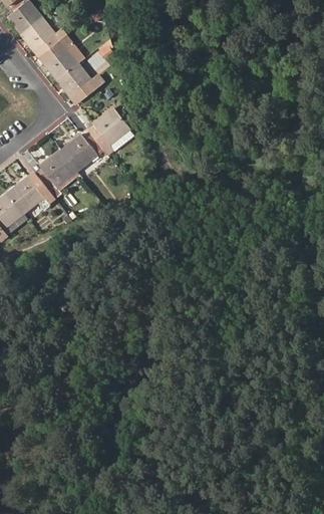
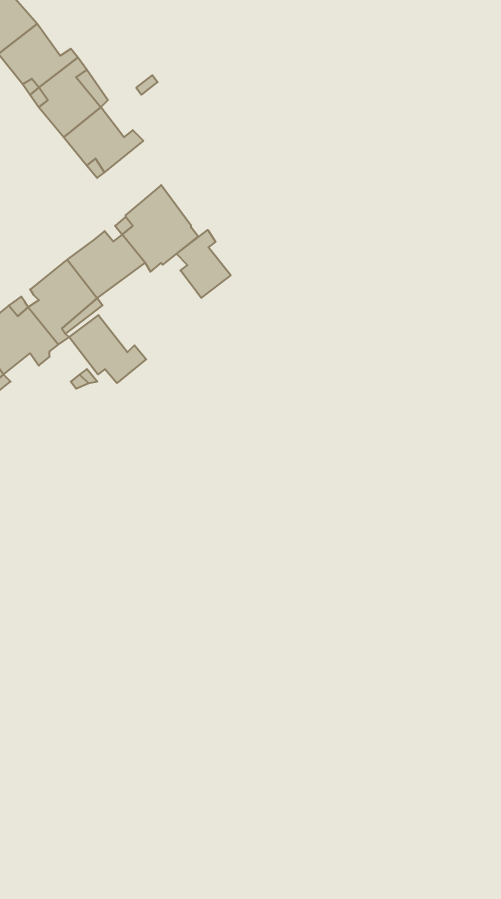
building: none -> [177,230,231,298]
building: none -> [69,315,146,383]

